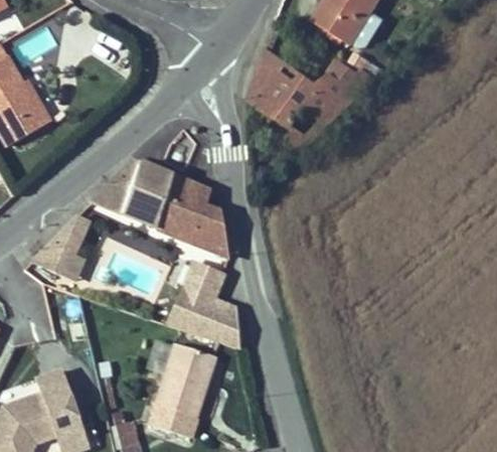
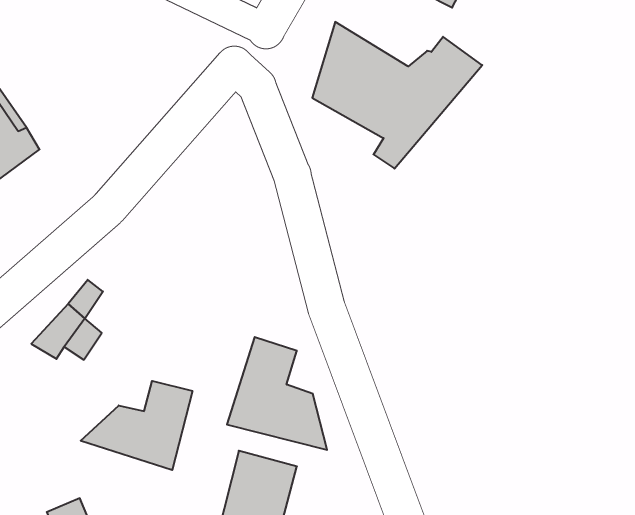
building: [93,158,229,256] -> none
building: none -> [81,381,192,470]

